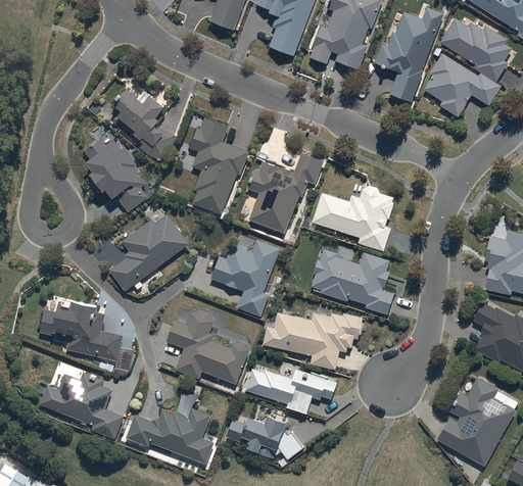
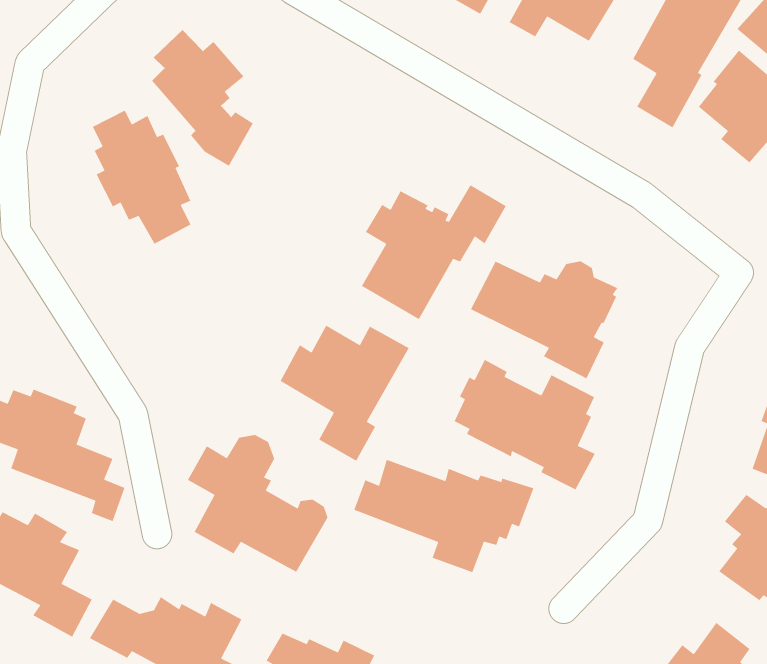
building: [190,117,249,213] -> none
building: [109,213,189,291] -> none
building: [245,369,337,415] -> none

